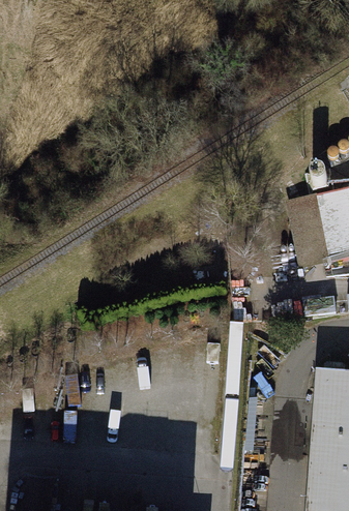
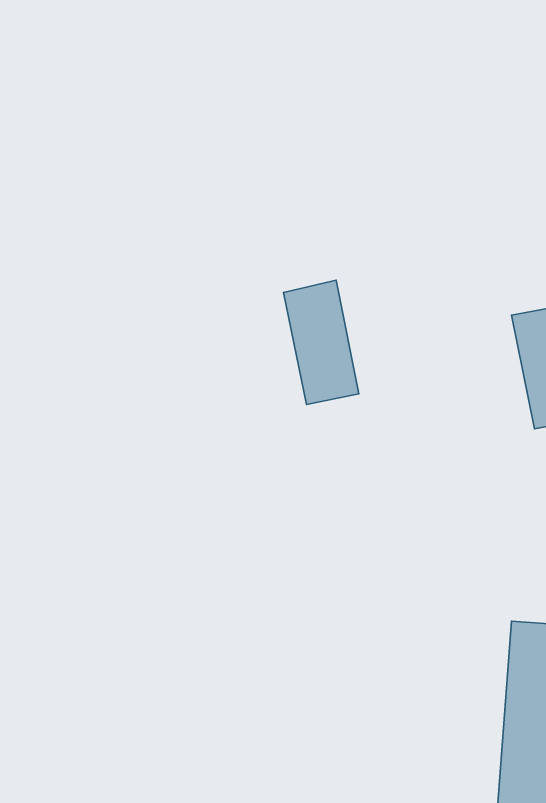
building: [286,194,330,268] -> [284,280,359,404]

